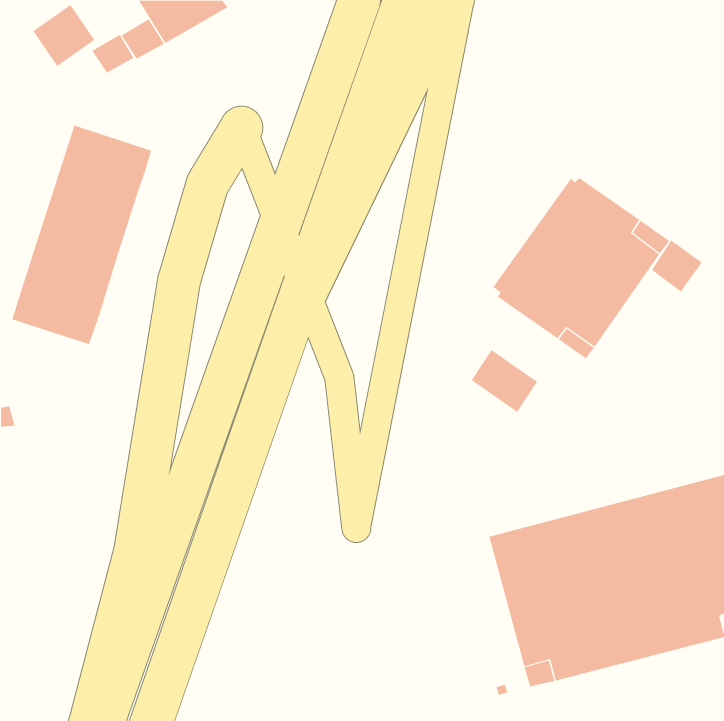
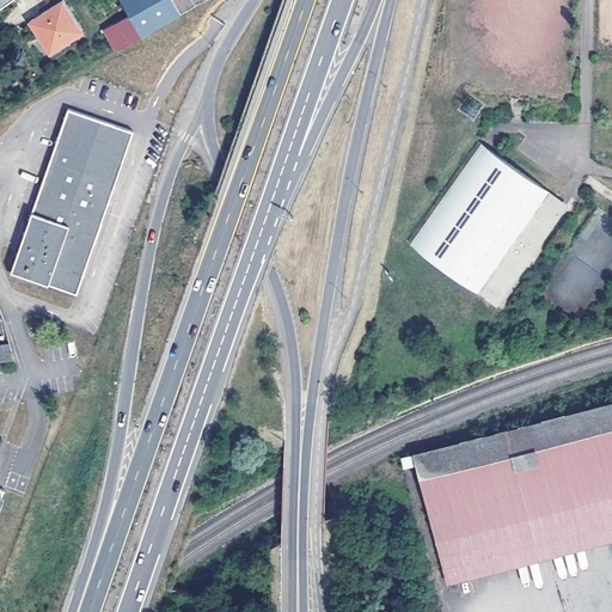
building: [92,34,134,73] -> none
building: [651,239,703,292] -> none
building: [471,349,538,413] -> none

